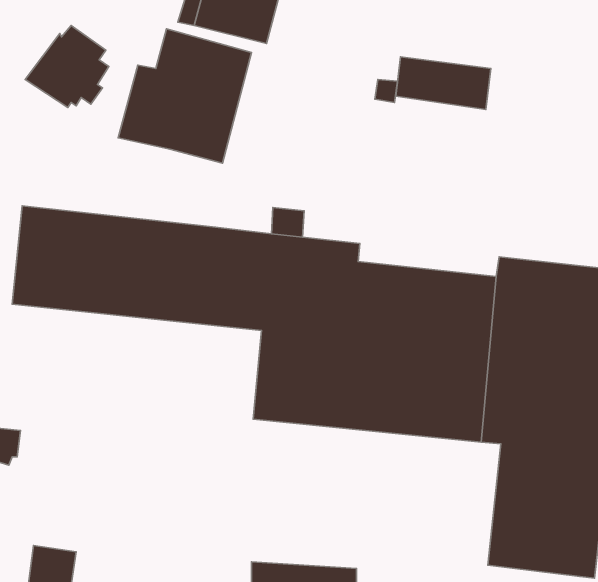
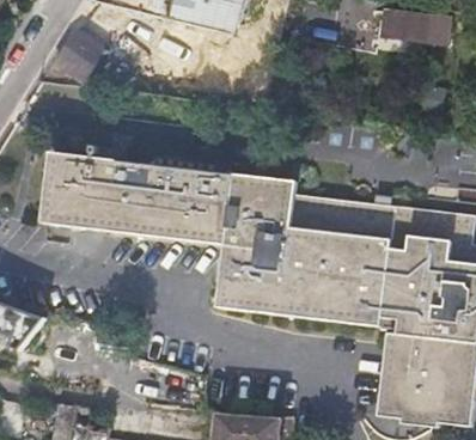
building: [118,29,252,163] -> none
building: [396,57,491,109] -> [379,11,448,49]

